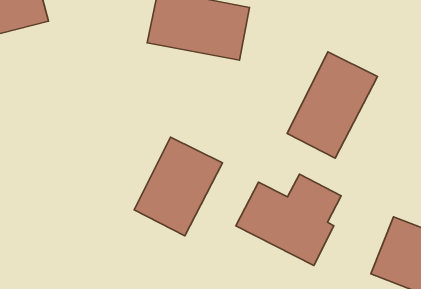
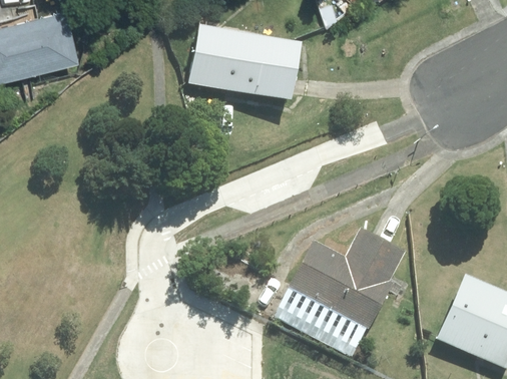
building: [287,52,377,158] -> none
building: [134,137,223,236] -> none

